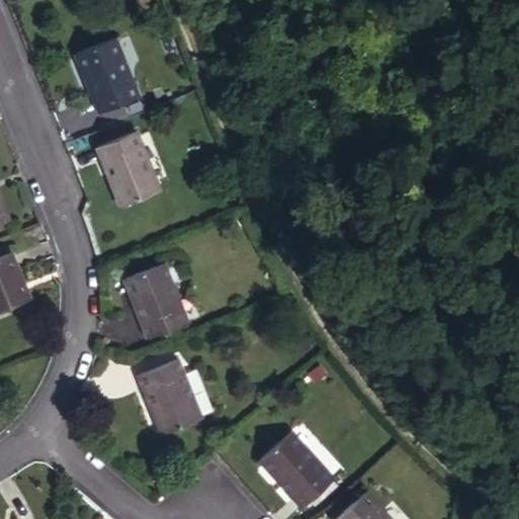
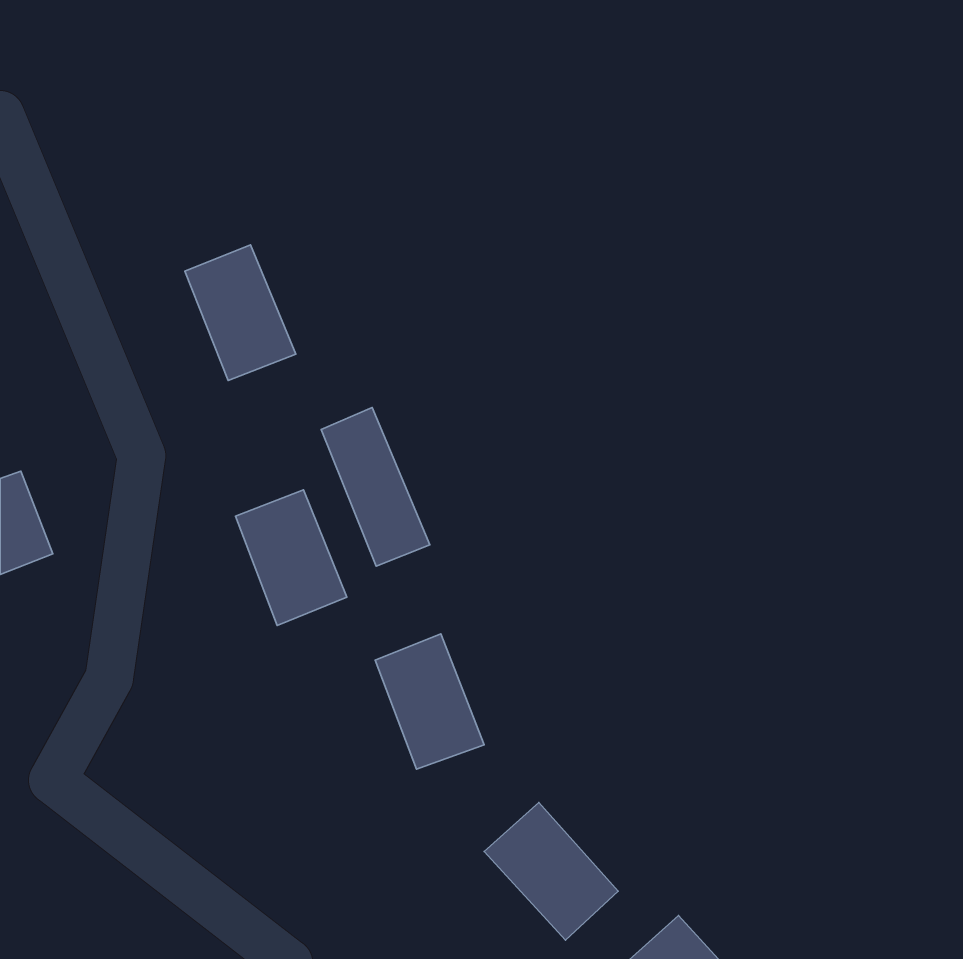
building: [77,40,138,114] -> none
building: none -> [321,408,430,566]
building: [141,361,200,434] -> [375,634,484,769]

